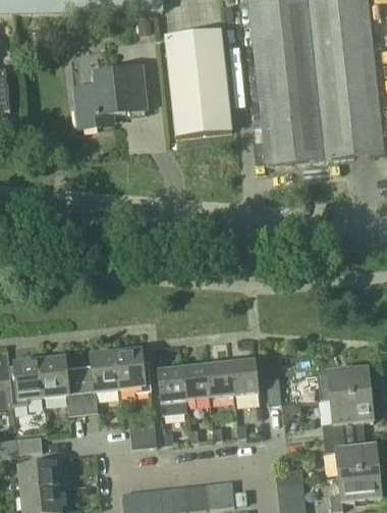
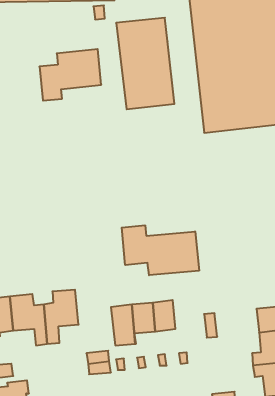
building: none -> [122,225,199,275]
building: [116,346,152,391] -> none
building: [230,359,260,395] -> none

